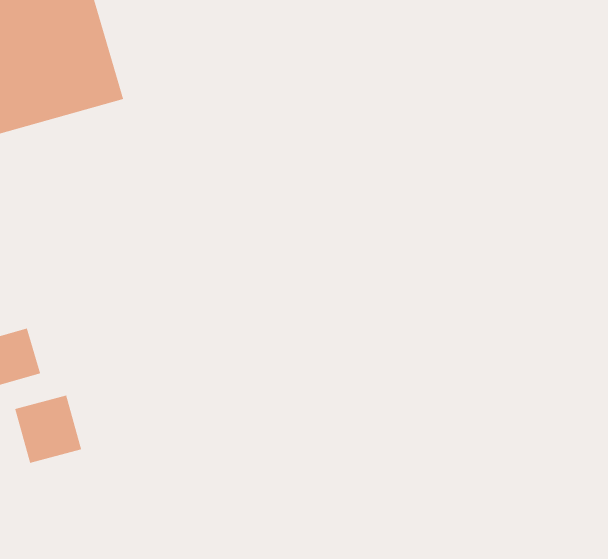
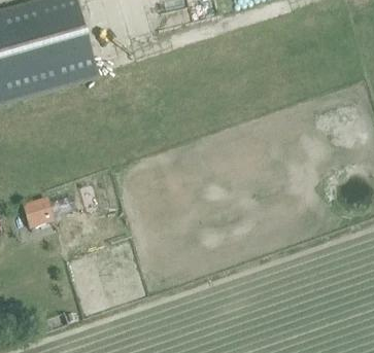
building: [14,394,82,464] -> none

